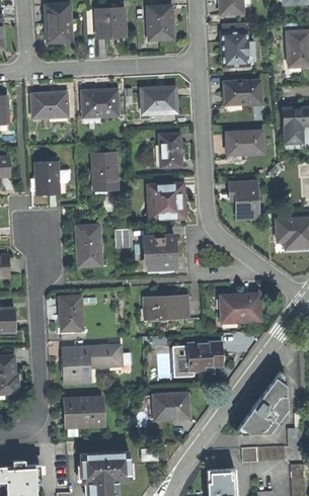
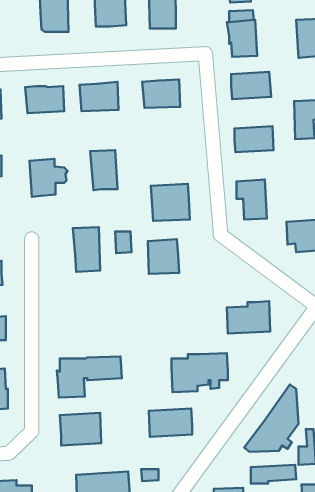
building: [159,132,182,166] -> none
building: [58,296,81,331] -> none
building: [145,297,186,320] -> none

